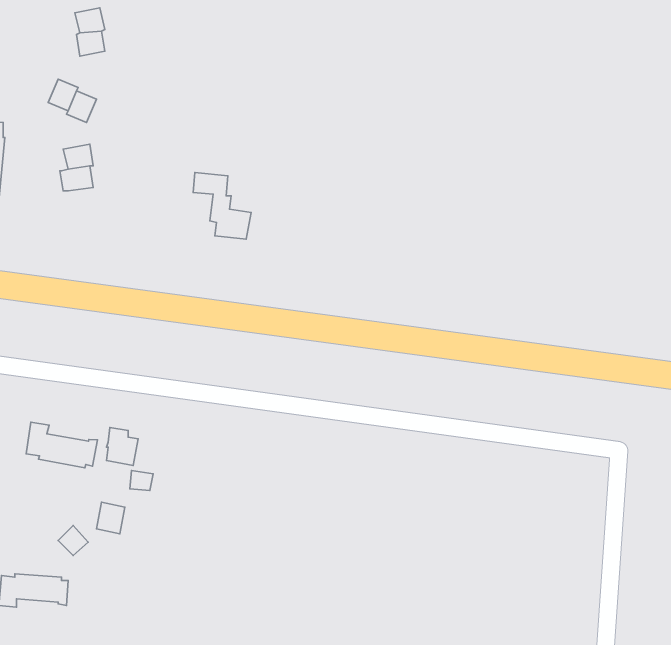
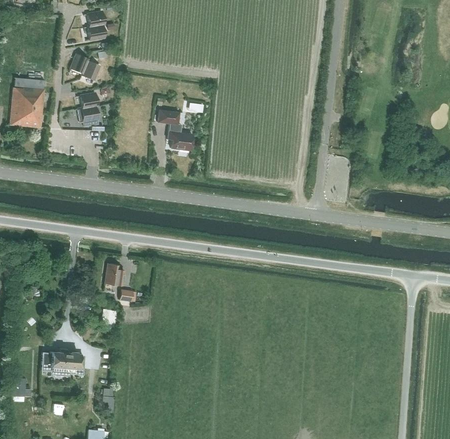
building: [26,422,97,468] -> none

